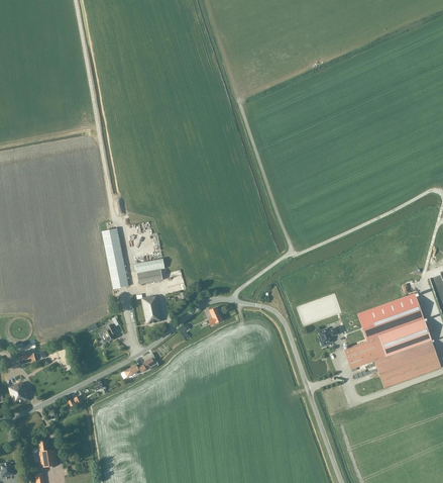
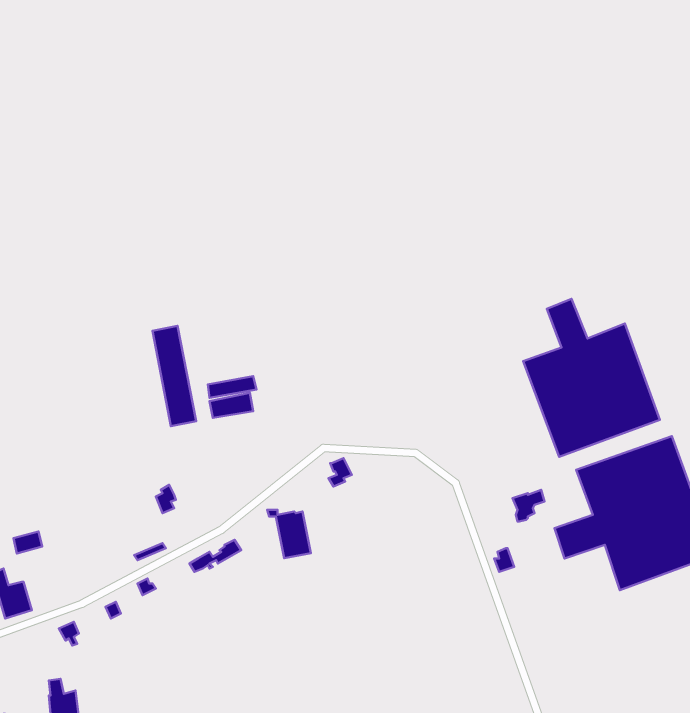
building: none -> [523,299,660,457]
building: [136,294,162,323] -> [267,510,311,558]

